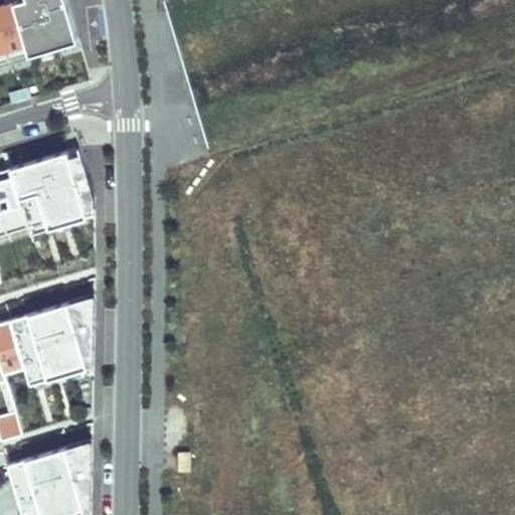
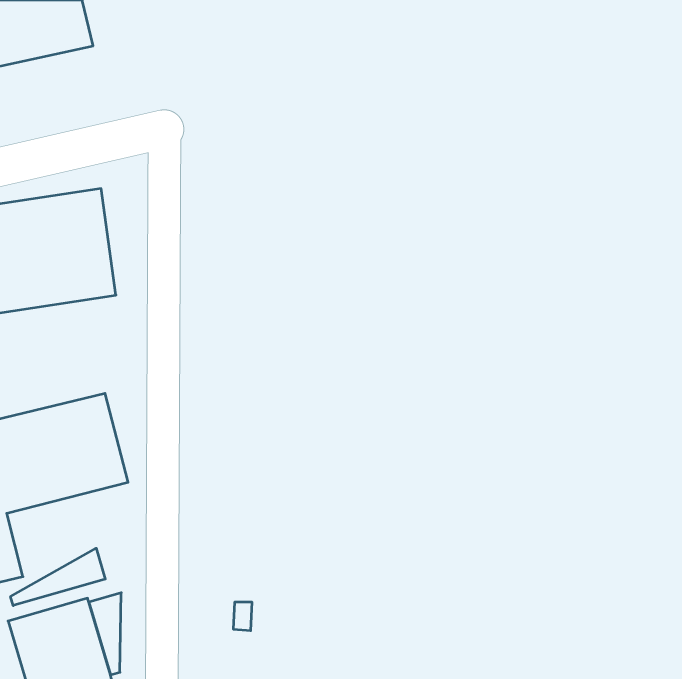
building: none -> [11,548,105,606]

